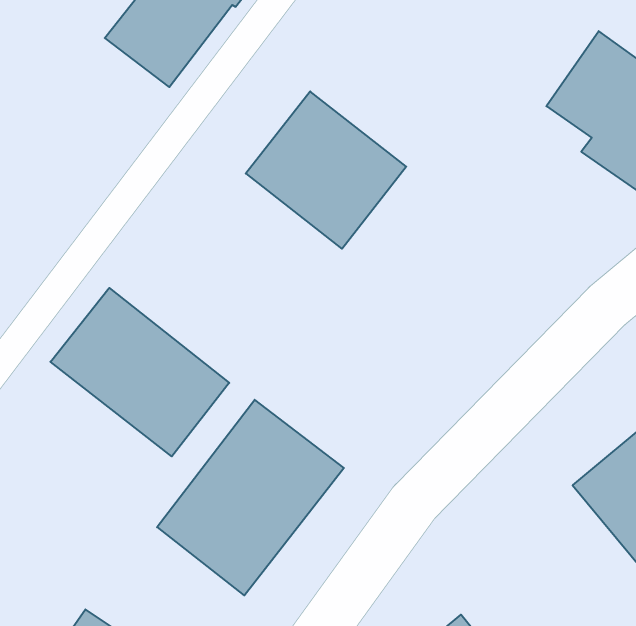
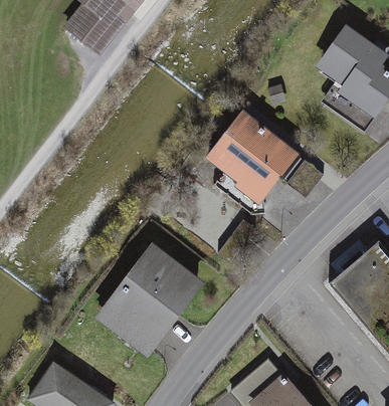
building: [246,91,406,249] -> [207,115,300,205]
building: [50,288,229,456] -> none

